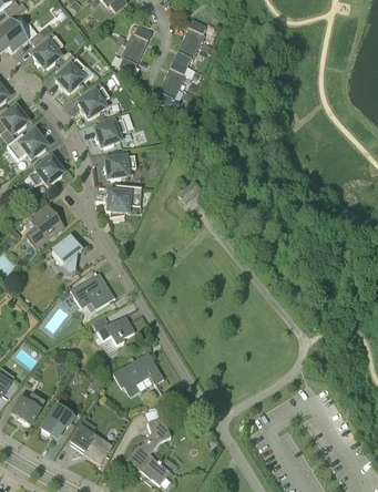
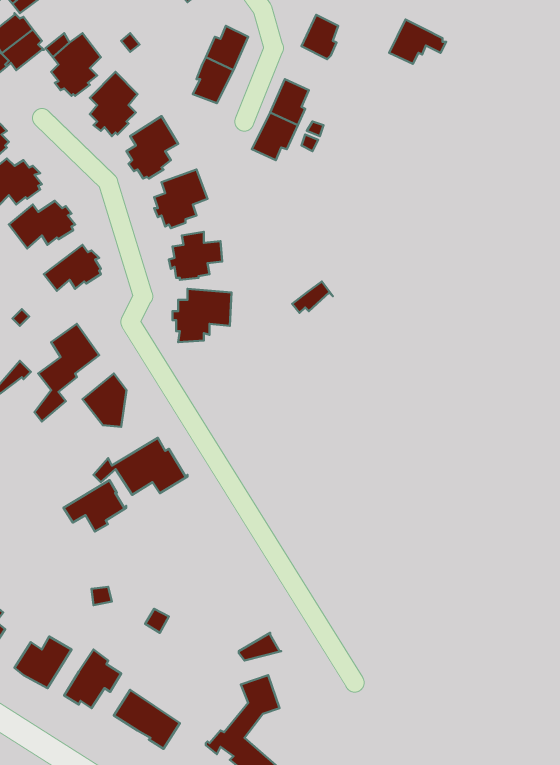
building: [173,38,207,64] -> [389,20,446,64]
building: [96,315,134,346] -> [64,480,126,532]
building: [113,351,163,396] -> none

